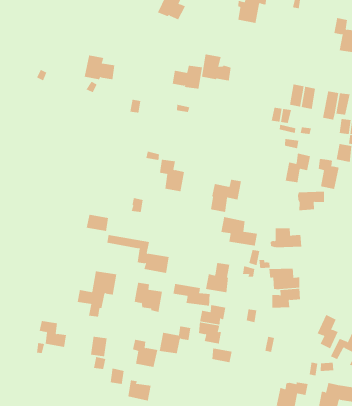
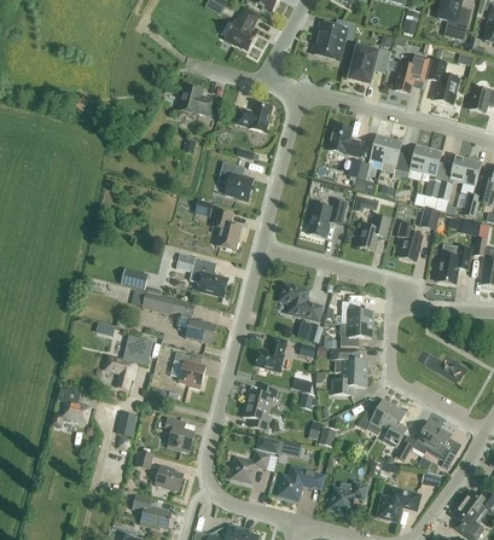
building: none -> [348,47,390,83]
building: none -> [394,54,430,93]
building: [201,54,232,81] -> [327,123,364,157]
building: [84,55,115,80] -> [178,85,215,116]
building: none -> [217,162,254,202]
building: [210,179,242,213] -> [307,199,347,238]
building: [297,191,325,211] -> [339,324,372,346]
building: none -> [190,257,227,296]
building: [173,283,210,306] -> none
building: none -> [358,400,394,434]
building: [159,326,191,354] -> [229,451,269,483]
building: none -> [277,465,325,501]

